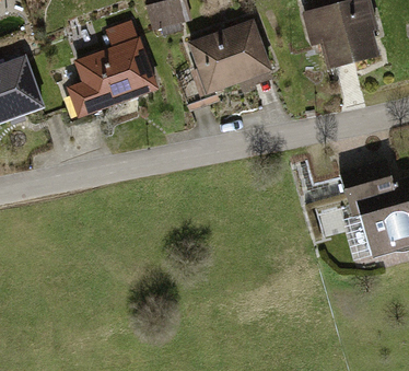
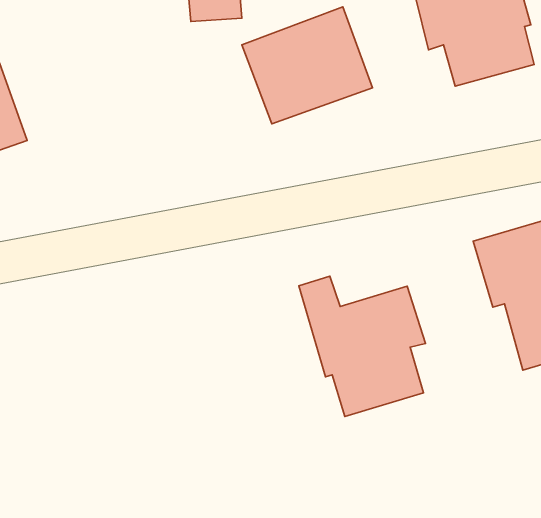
building: [66,20,157,118] -> none
building: none -> [299,276,426,416]

